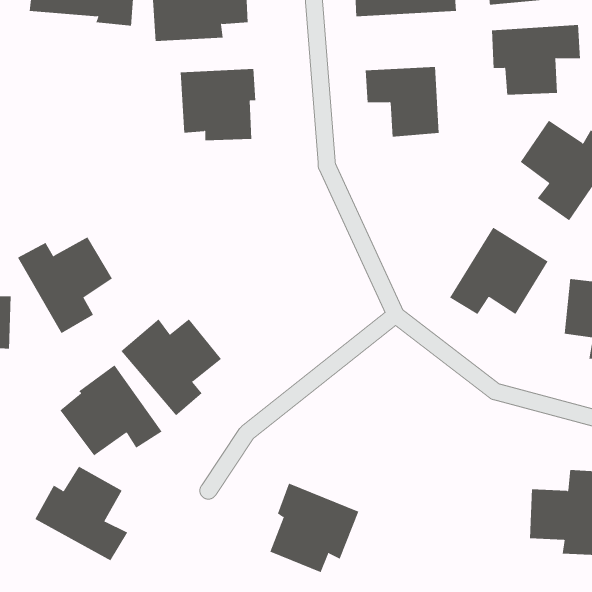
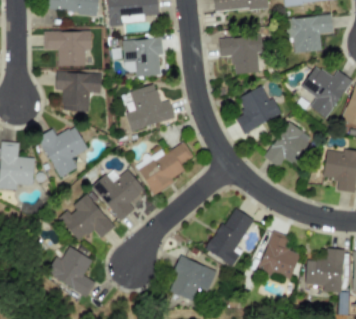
building: none -> [44,31,92,65]
building: none -> [56,72,102,112]
building: none -> [126,84,175,130]
building: none -> [236,85,280,132]
building: none -> [139,141,196,195]
building: none -> [207,207,254,267]
building: none -> [259,230,300,281]

